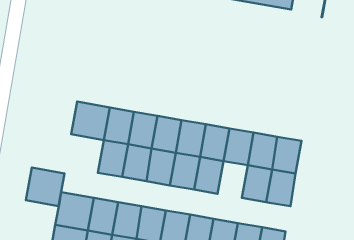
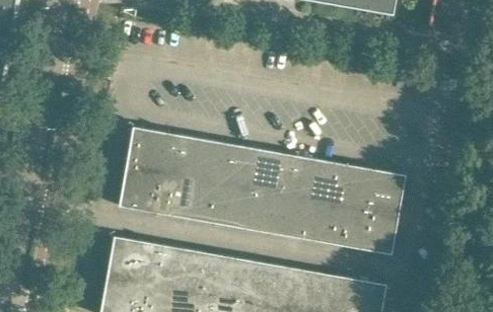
building: none -> [303,199,340,243]
building: [26,168,64,206] -> [119,166,165,213]

